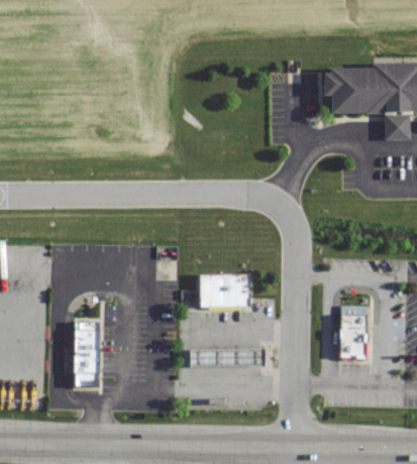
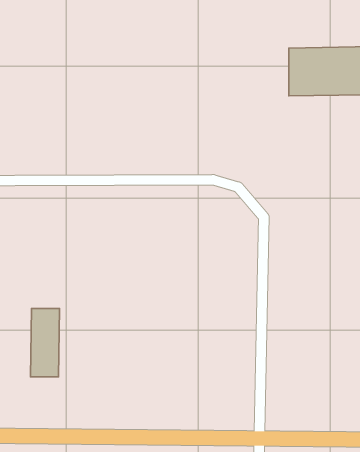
building: [198,273,250,307] -> none
building: [339,307,366,359] -> none

